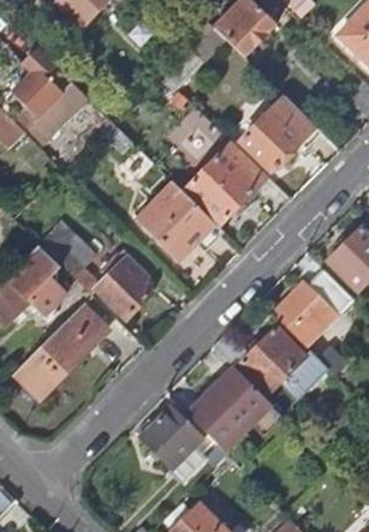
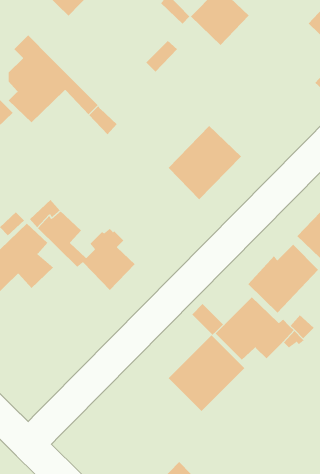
building: [240,95,321,171] -> none
building: [141,184,216,259] -> none
building: [14,306,105,396] -> none
building: [141,402,214,480] -> none

